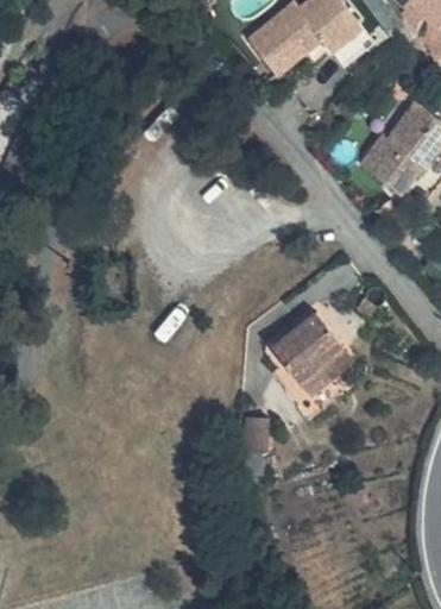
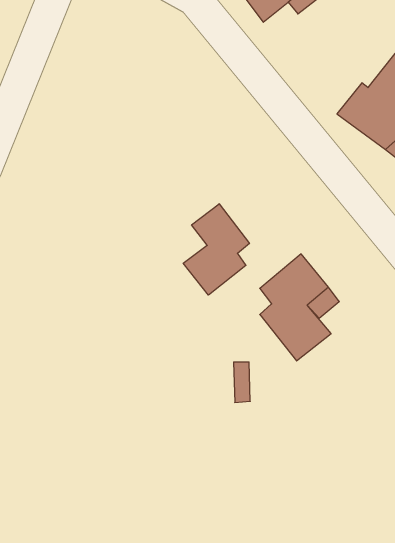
building: none -> [183,204,249,295]

